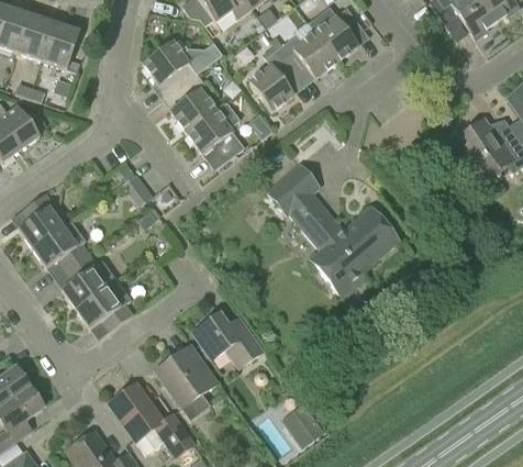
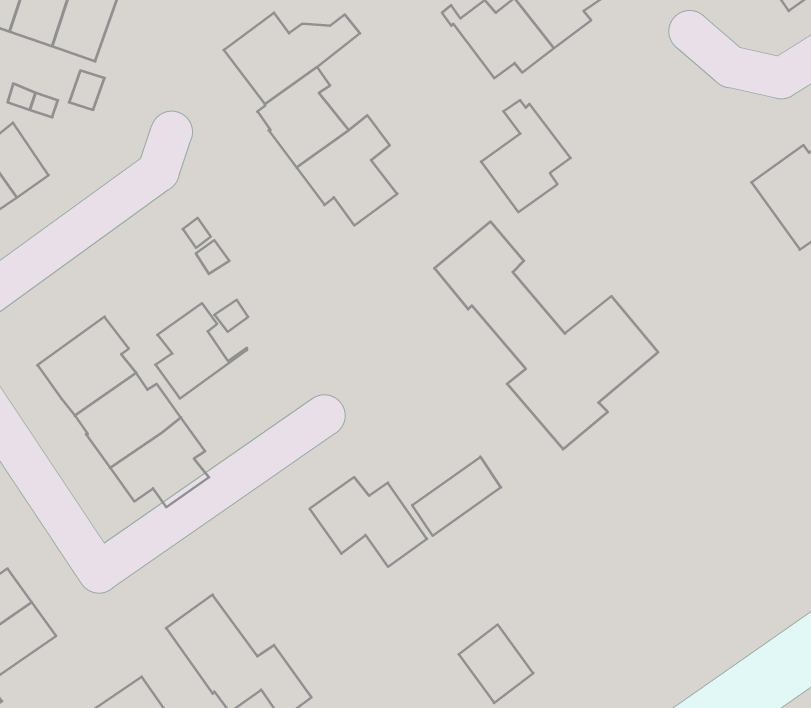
building: [248,44,301,110] -> [481,100,571,212]
building: [18,191,71,247] -> [155,303,247,398]
building: none -> [412,457,501,536]
building: [153,344,216,408] -> none

